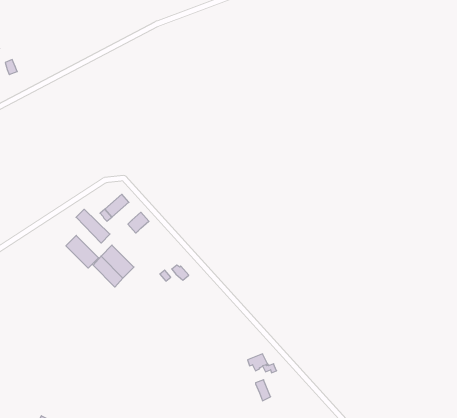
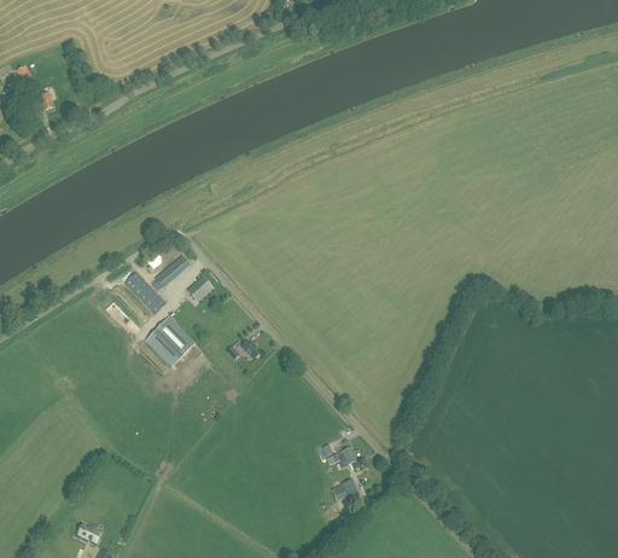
building: [66,235,99,268] -> none

